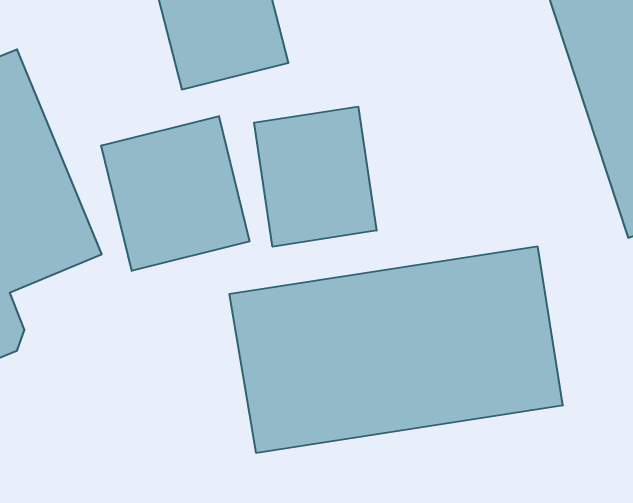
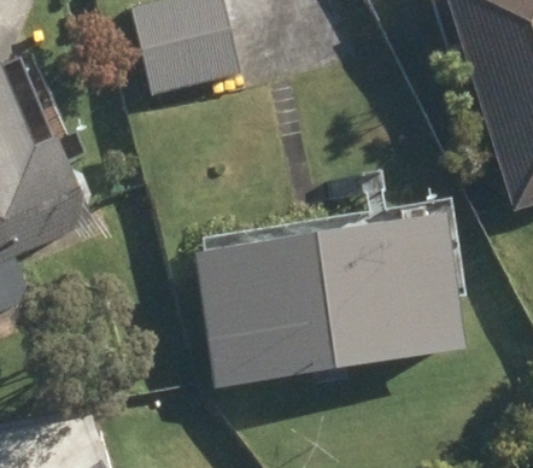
building: [254,107,377,247] -> none
building: [101,116,249,271] -> none

